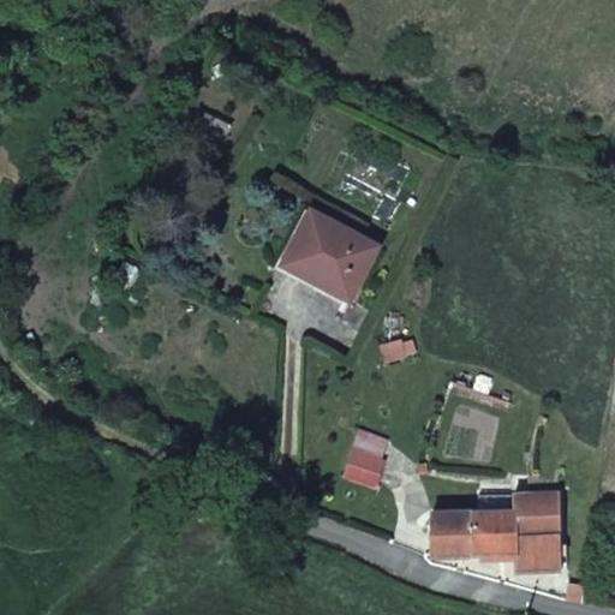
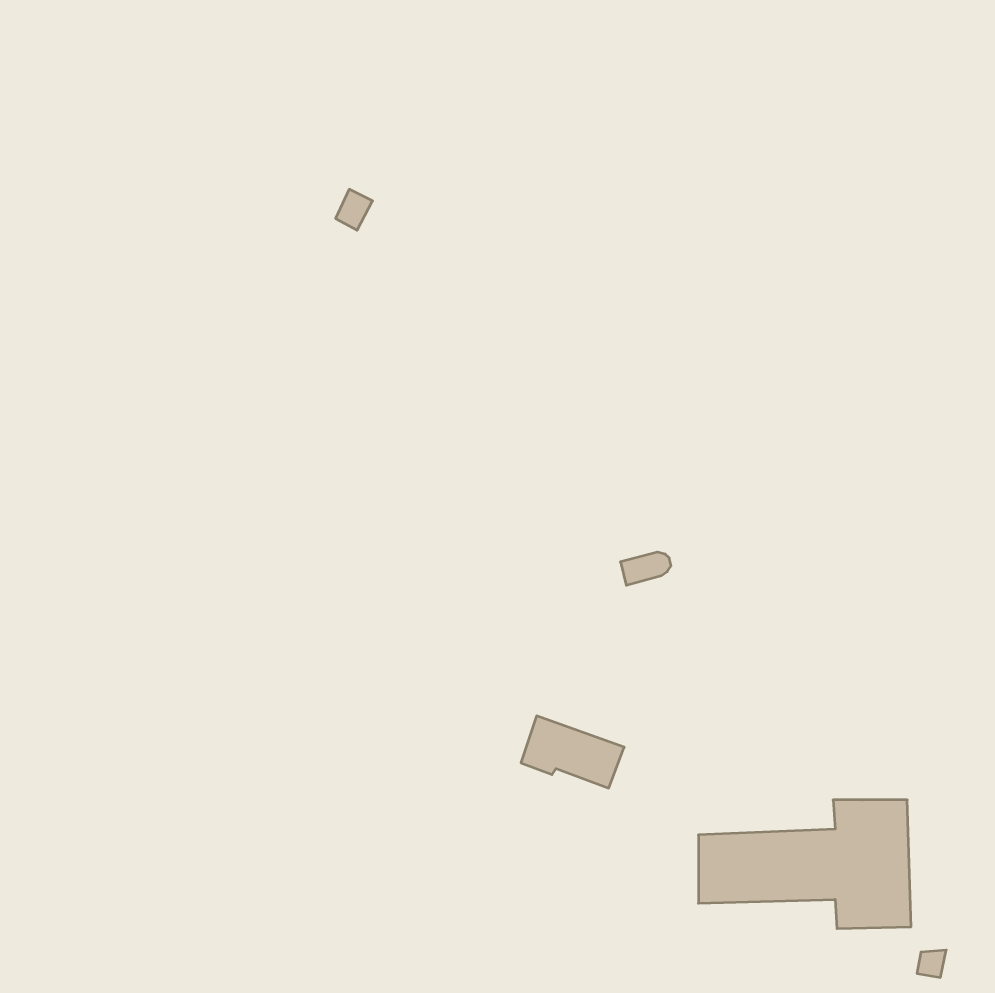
building: [283,211,377,298] -> none

